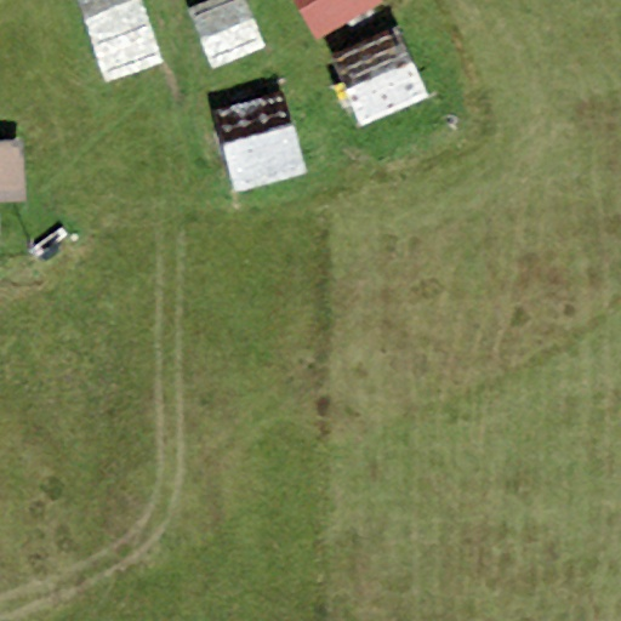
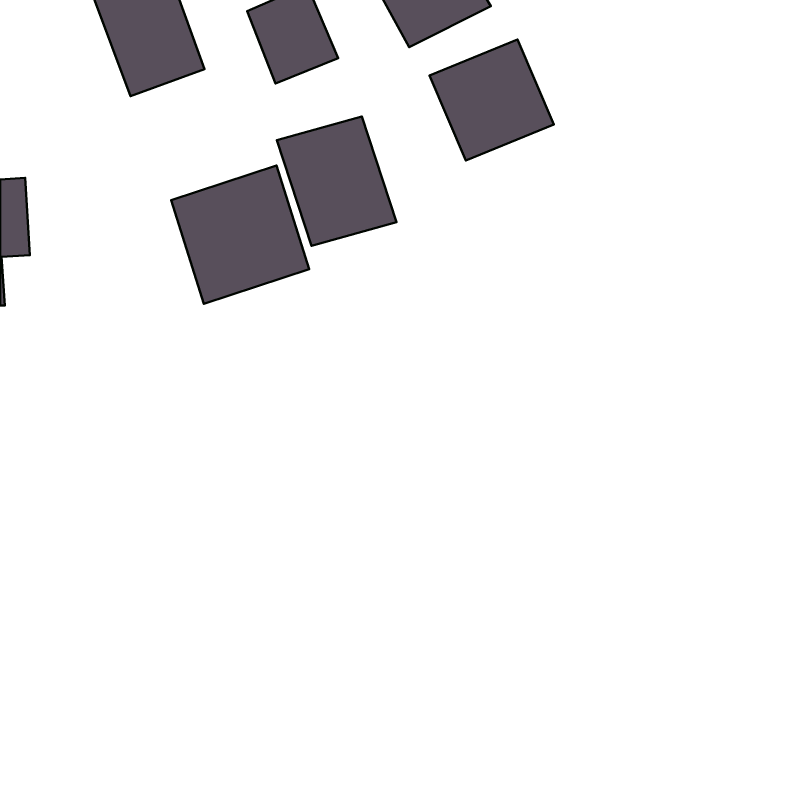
building: none -> [171,165,309,304]

